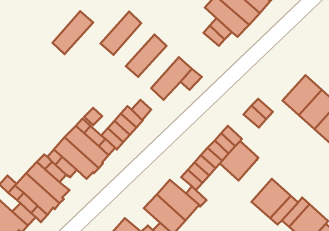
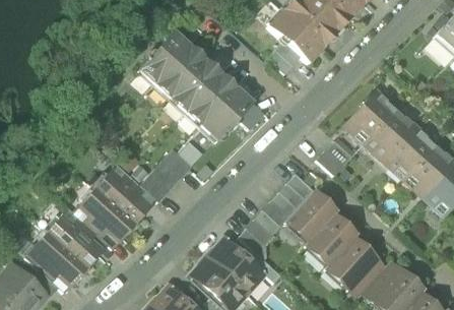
building: [52,11,93,54] -> [156,44,207,98]
building: none -> [187,72,238,125]
building: none -> [346,90,395,140]
building: none -> [309,214,356,263]

